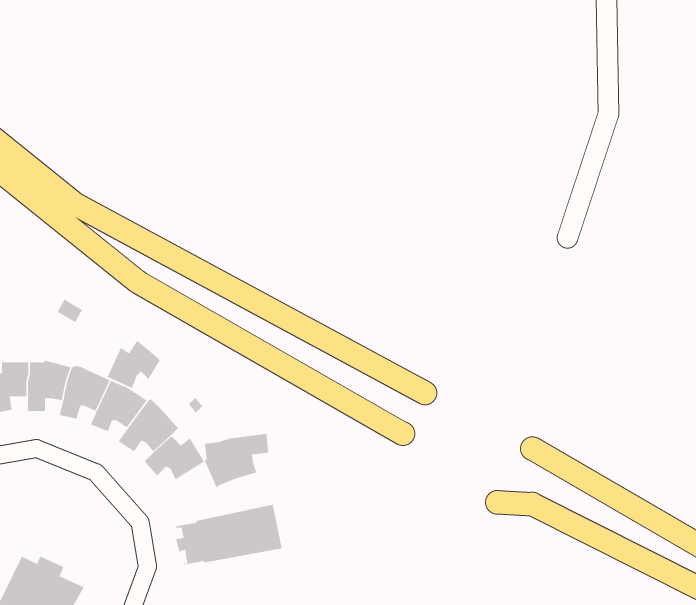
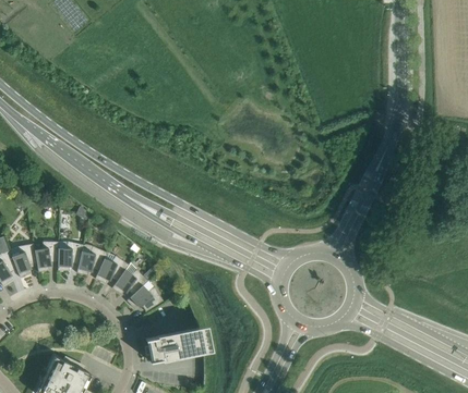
building: [107,340,160,389] -> none
building: [204,433,269,488] -> none

